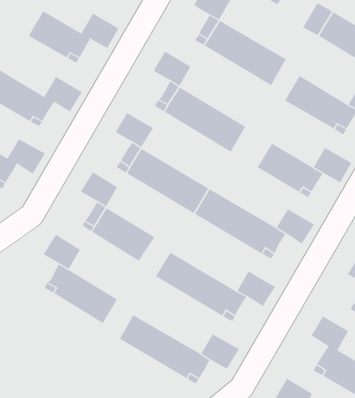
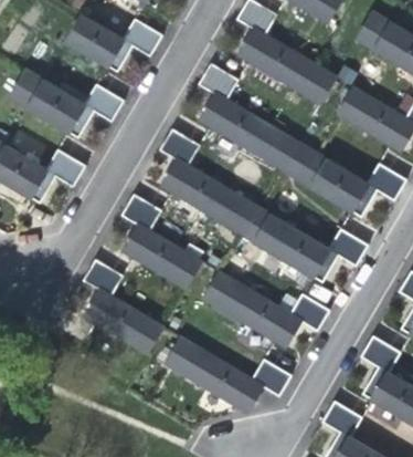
building: none -> [279,142,321,184]

